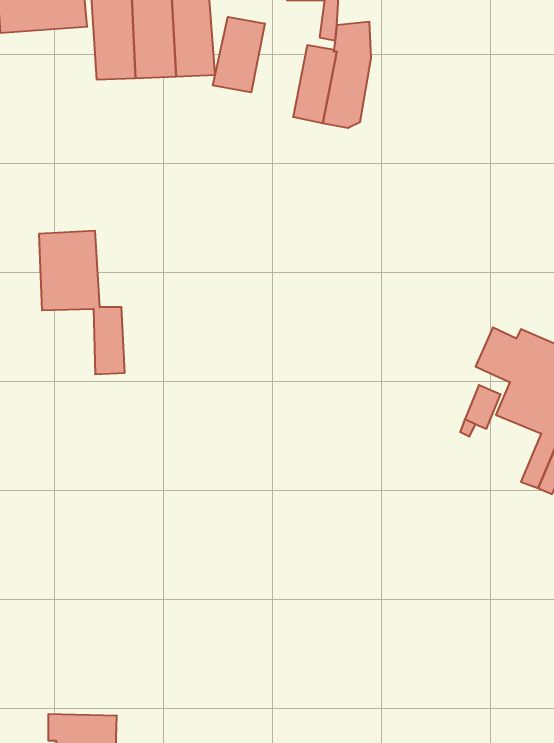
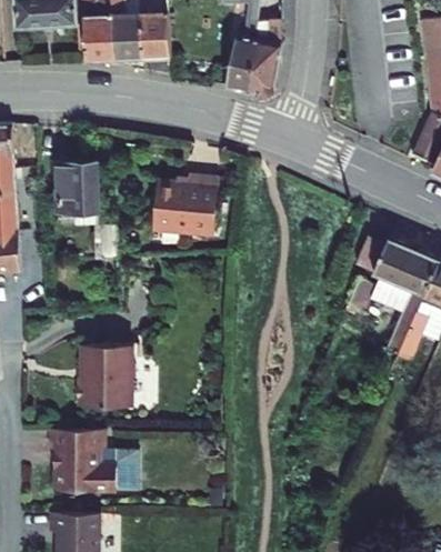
building: [213,17,265,92] -> none
building: none -> [143,180,206,240]
building: none -> [79,347,136,408]
building: none -> [51,430,140,491]

